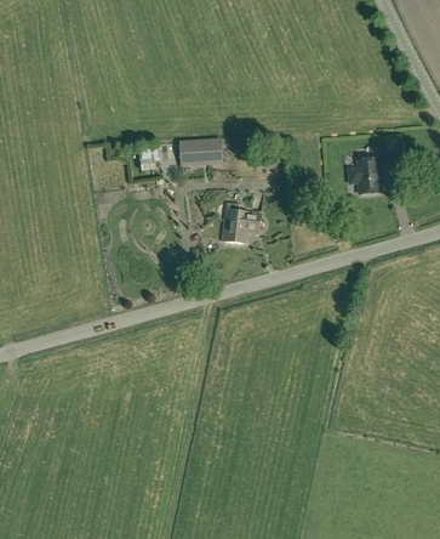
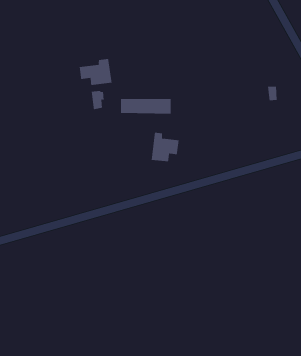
building: none -> [79,58,112,86]
building: [349,157,378,189] -> none

